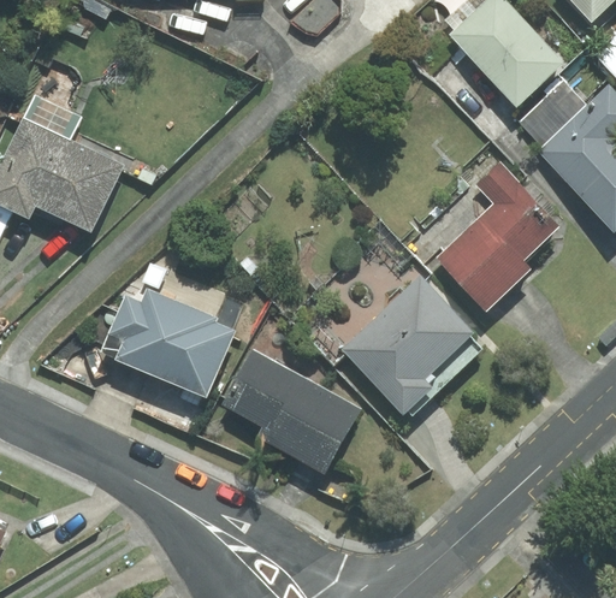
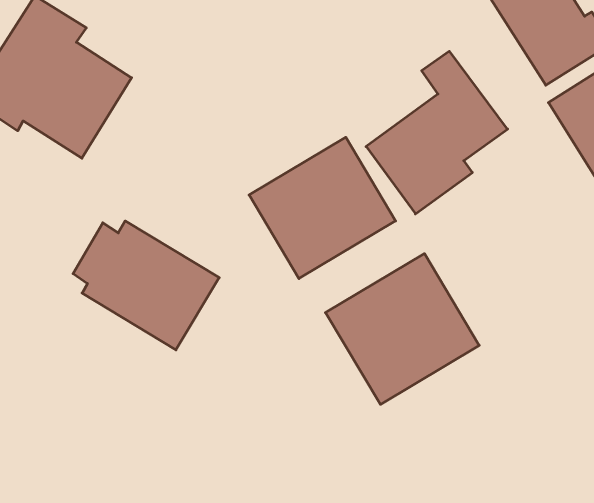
building: [432,160,559,314] -> [366,51,508,214]
building: none -> [249,137,396,279]
building: [218,348,360,475] -> none

